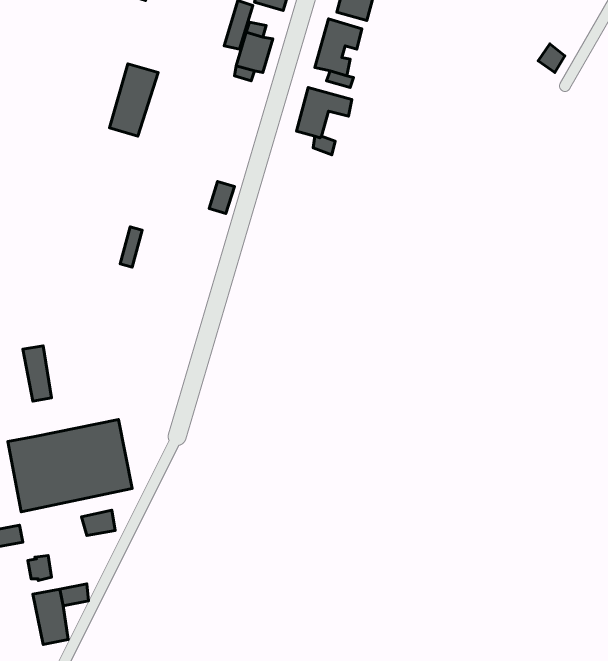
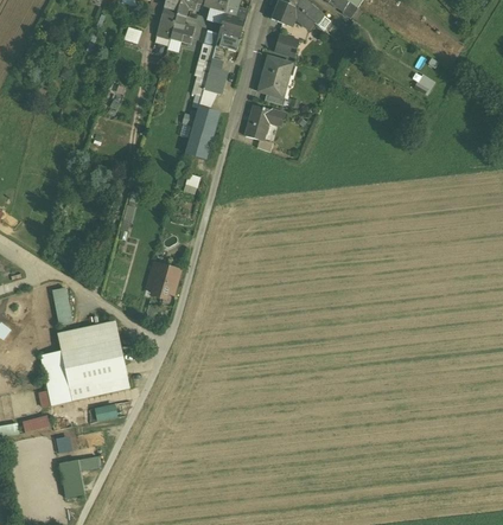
building: [109,64,158,136] -> [185,107,219,158]
building: none -> [146,265,179,299]
building: none -> [57,320,120,351]

